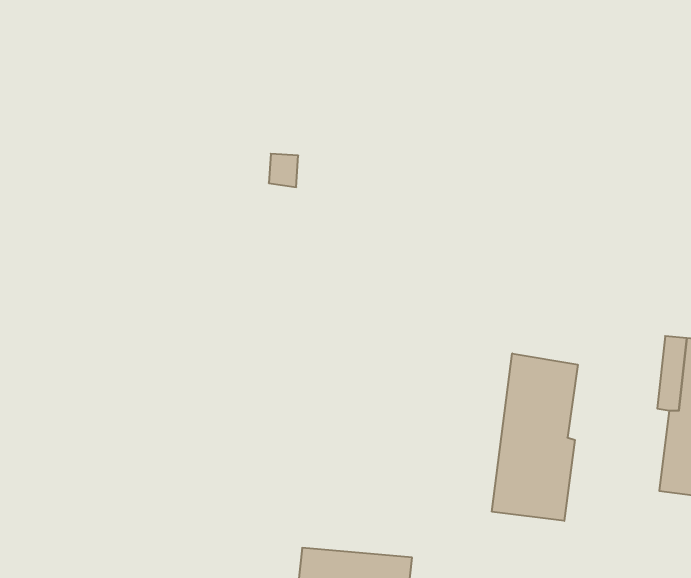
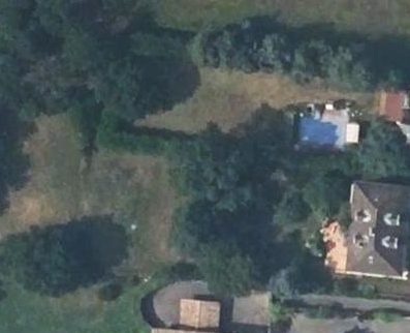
building: [492,353,578,521] -> none

